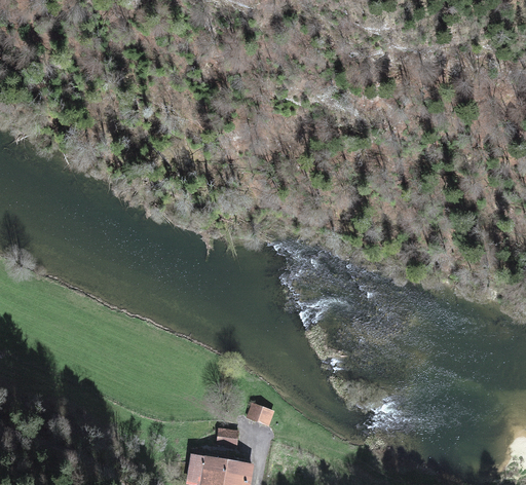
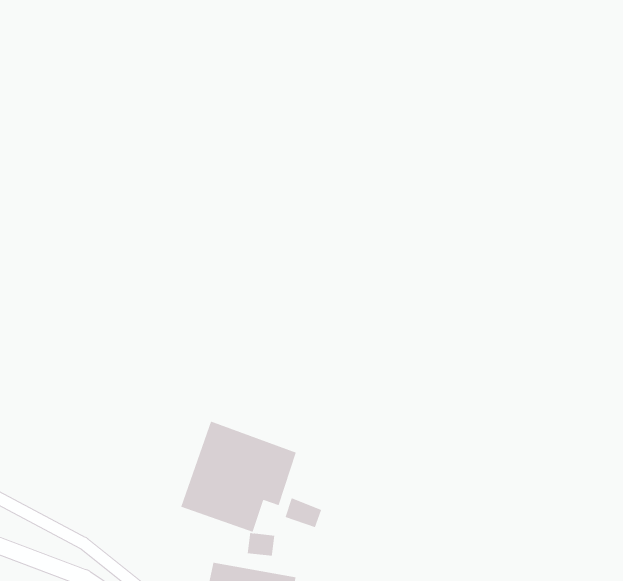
building: none -> [180,420,297,533]

